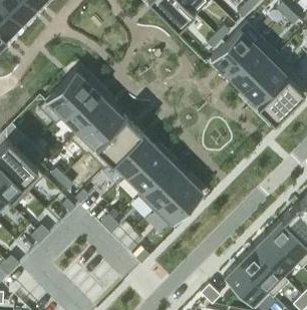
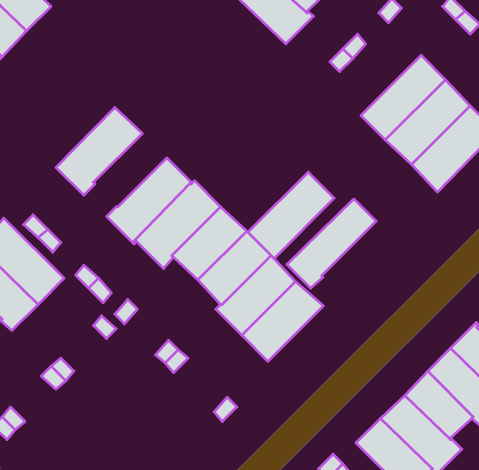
building: [211,23,264,76] -> [248,172,334,258]
building: [62,87,107,132] -> none
building: none -> [287,199,376,288]

